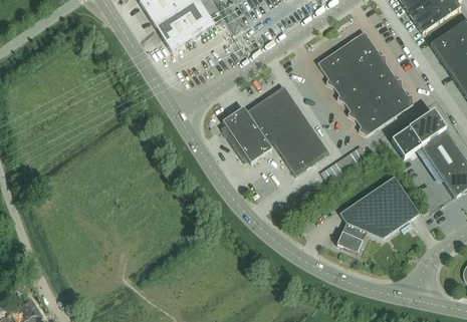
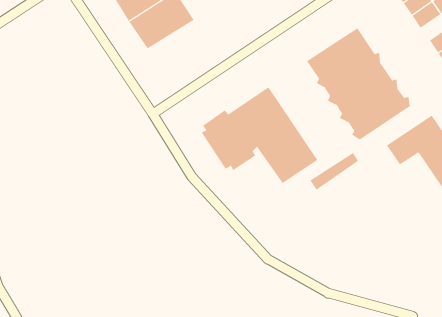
building: [336,175,419,252] -> none

